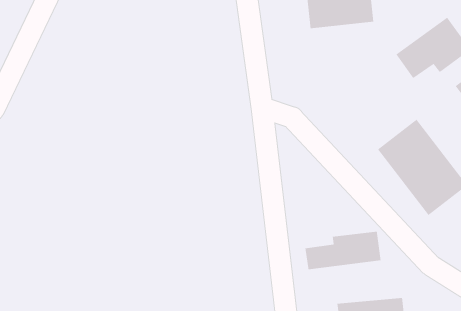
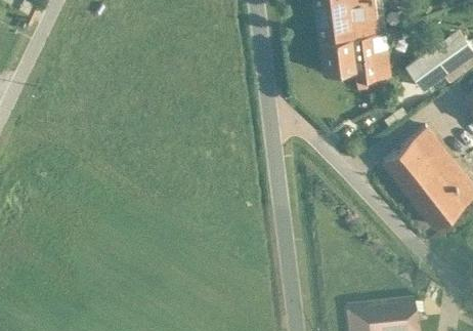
building: none -> [319,31,389,79]
building: [305,231,381,270] -> none

